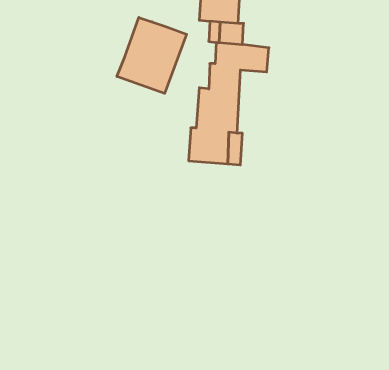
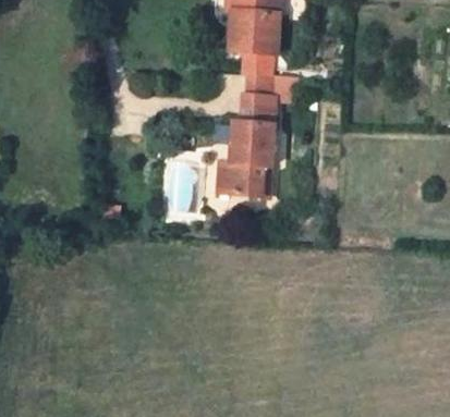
building: [117,17,187,93] -> none

